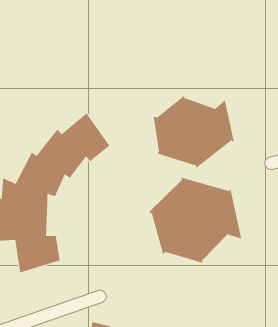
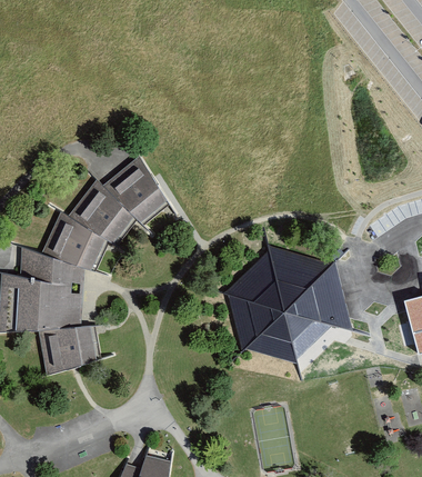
building: [153,95,235,169] -> none

